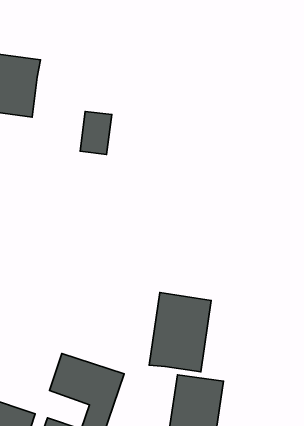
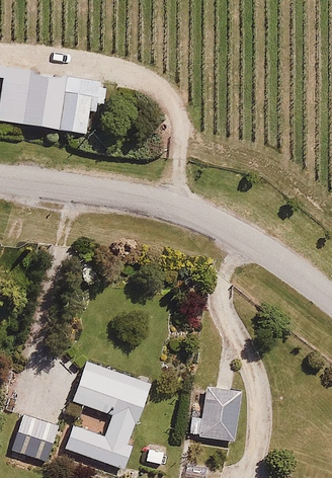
building: [80,111,112,154] -> [58,89,89,132]
building: [149,293,211,372] -> none

